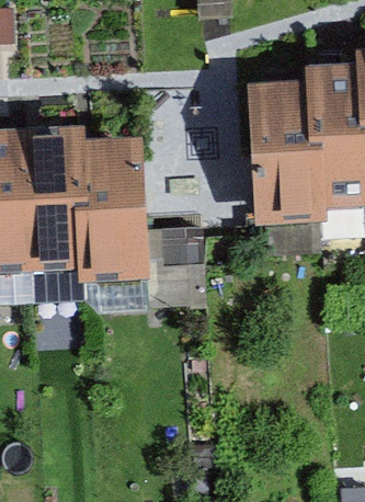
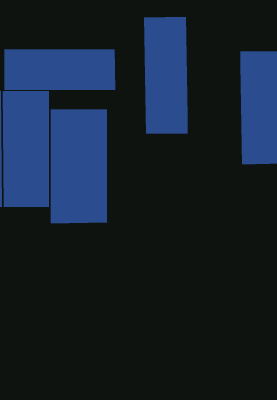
building: none -> [4,49,116,91]
building: [249,89,304,231] -> [143,16,189,134]

